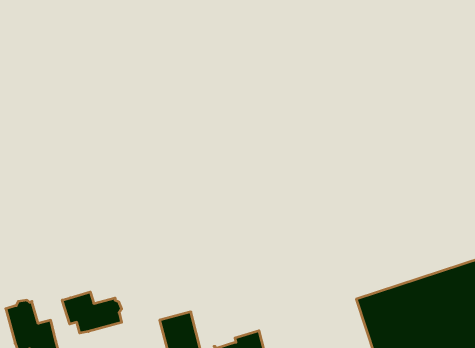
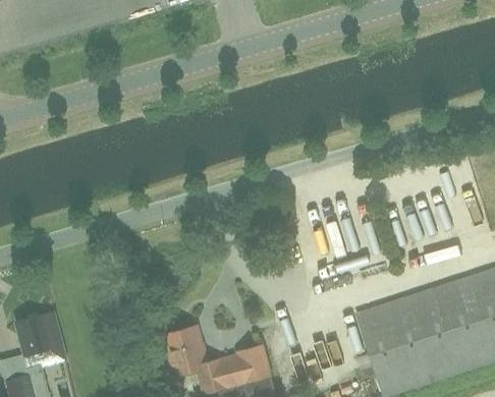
building: [62,292,122,333] -> none

